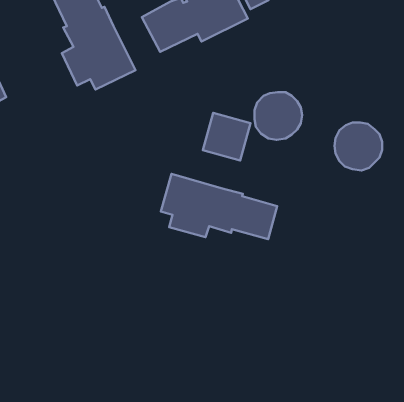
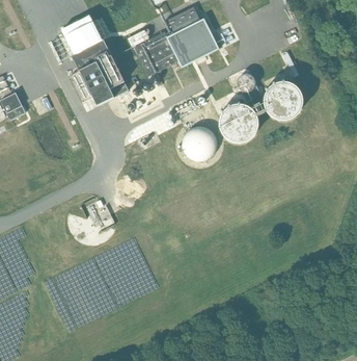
building: [334,123,382,170] -> [269,84,307,123]
building: [161,174,277,239] -> none

